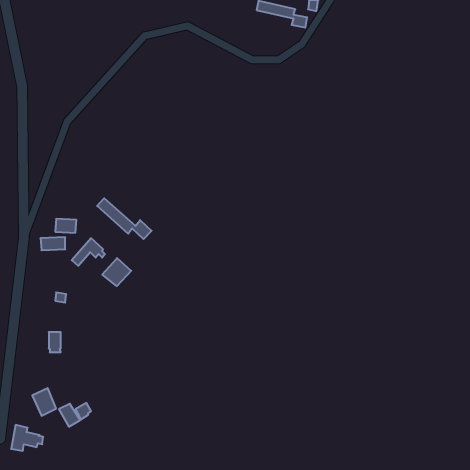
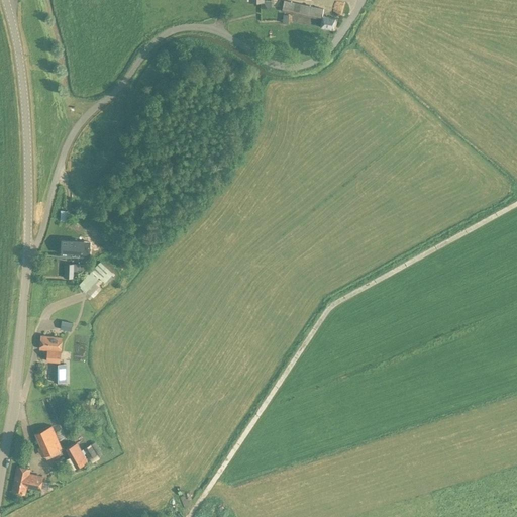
building: [97,198,152,239] -> none
building: [102,258,131,286] -> none
building: none -> [39,336,63,363]

